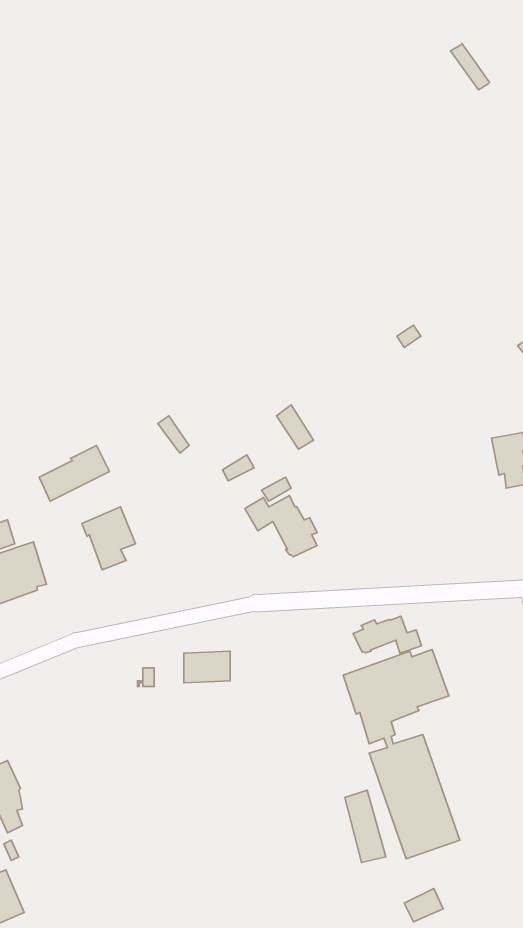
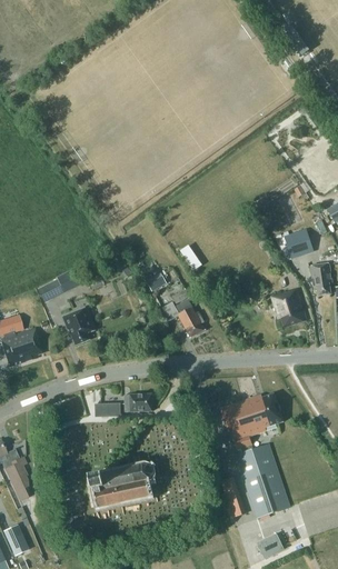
building: none -> [284,229,314,259]
building: none -> [271,289,306,327]
building: [353,616,421,653] -> none
building: none -> [88,465,151,507]

